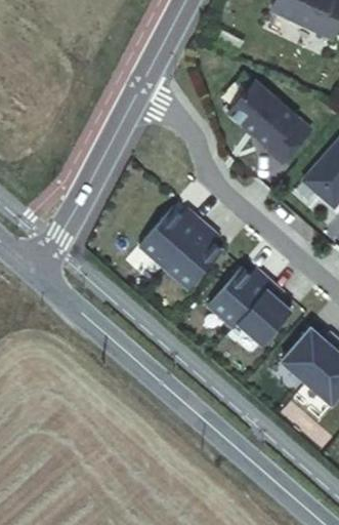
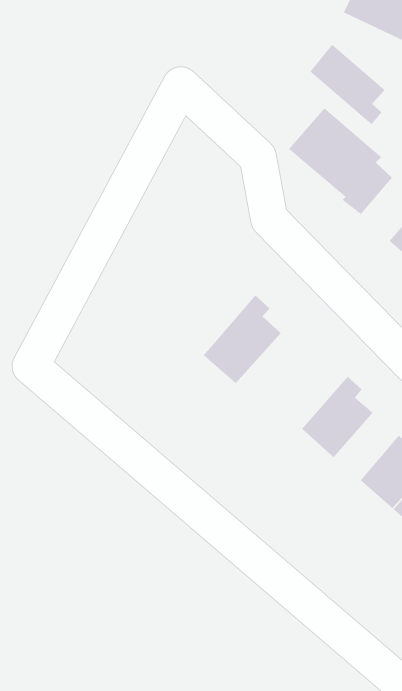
building: none -> [309,44,386,125]
building: [140,206,205,267] -> none
building: [210,267,273,327] -> none

